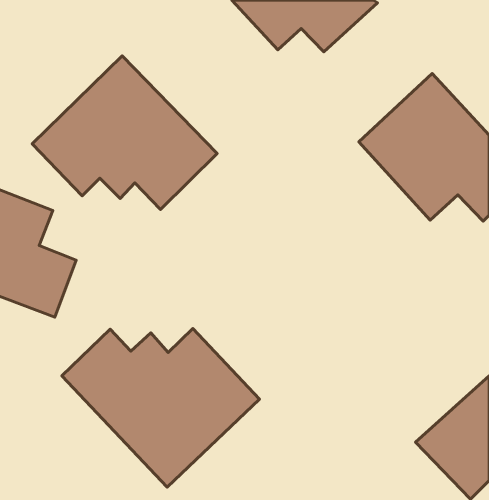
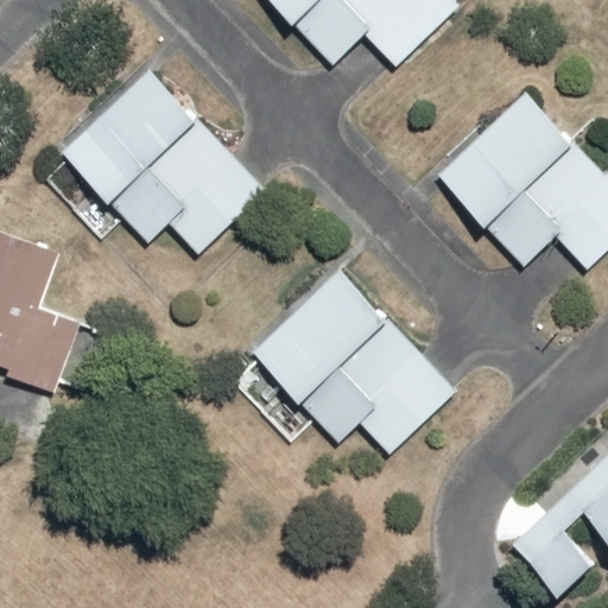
building: none -> [223,268,456,451]
building: [62,329,259,487] -> none

